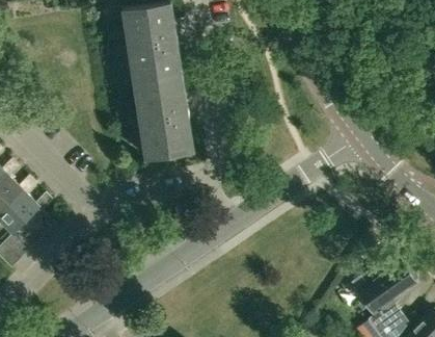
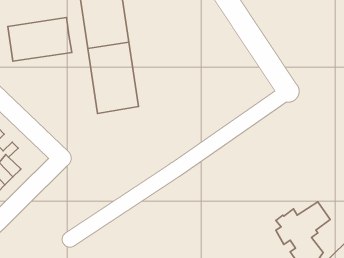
building: none -> [8,18,72,61]

